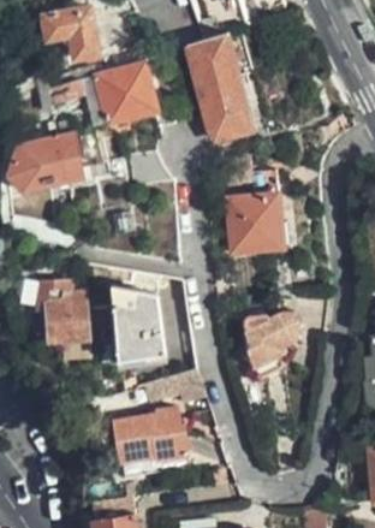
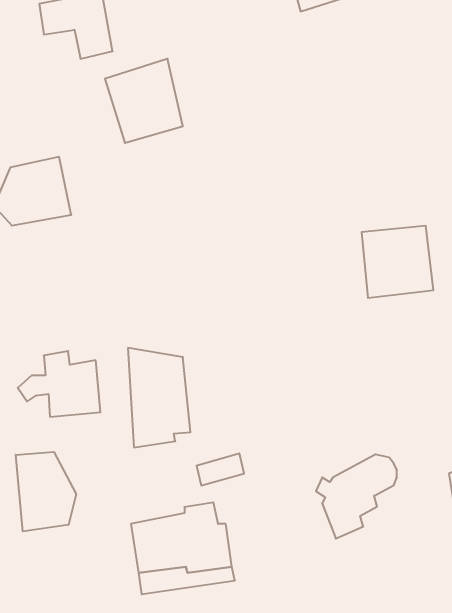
building: [188,32,254,137] -> none
building: [228,196,285,253] -> [362,226,433,298]
building: [238,313,302,379] -> [316,454,397,539]
building: none -> [16,452,76,531]

